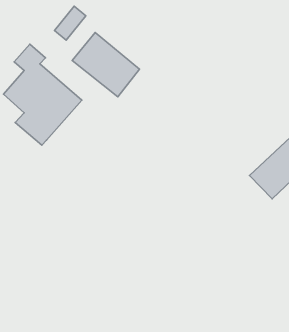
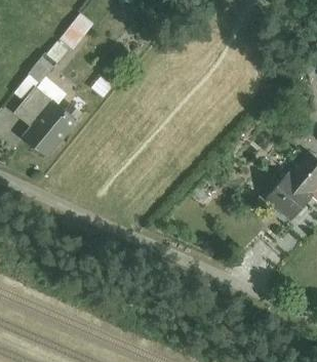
building: [72,33,140,97] -> none

